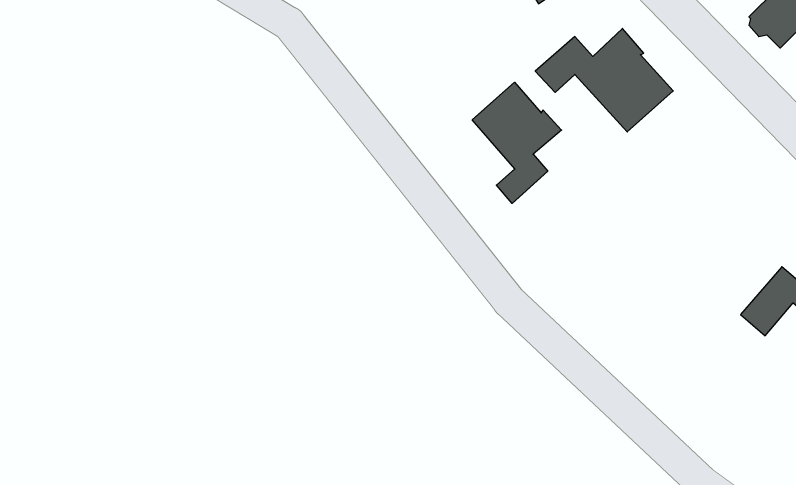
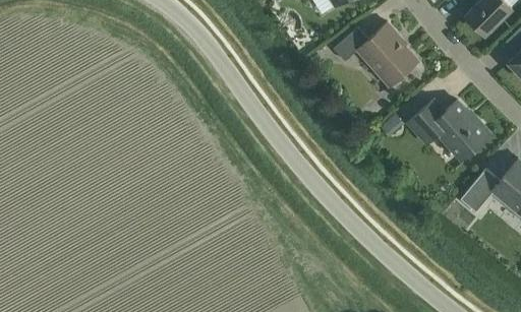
building: [472,82,562,203] -> none
building: none -> [407,100,487,161]

